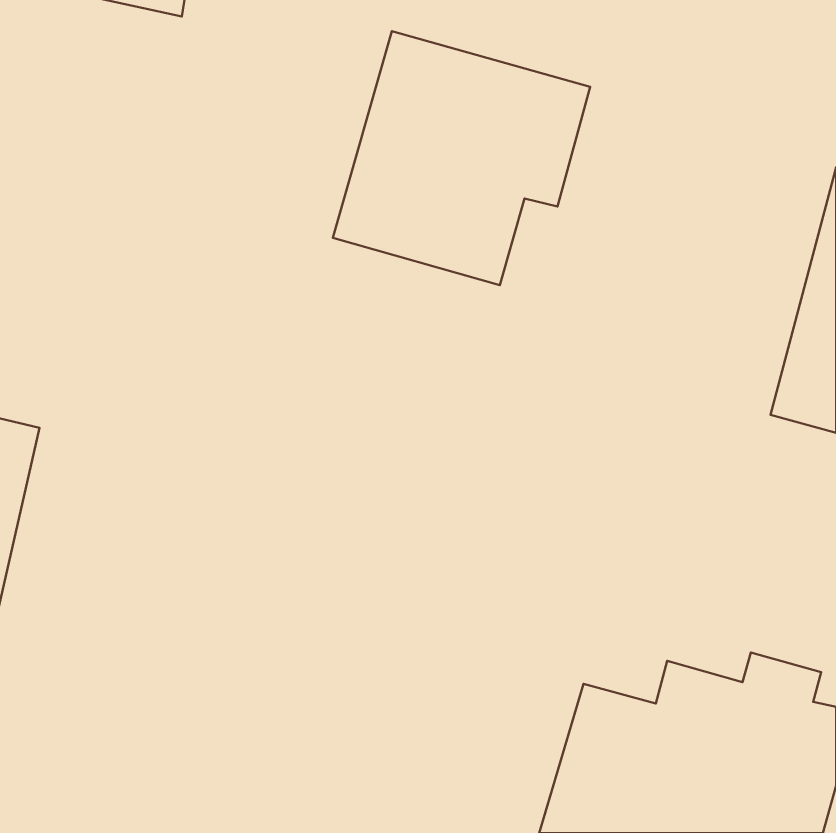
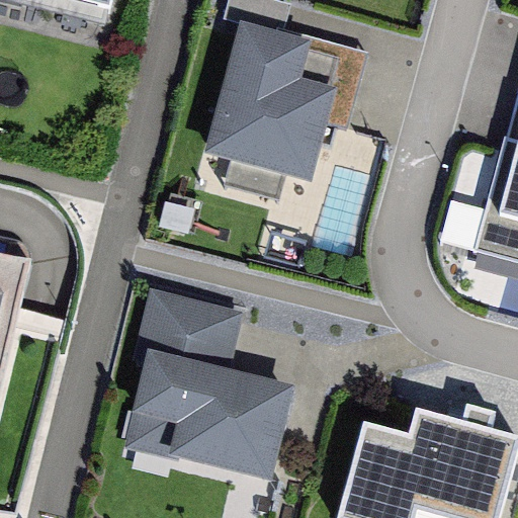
building: none -> [124,292,294,488]

